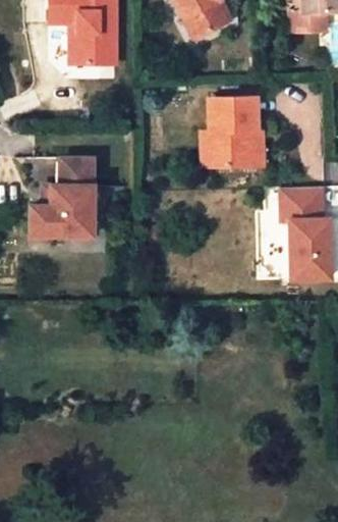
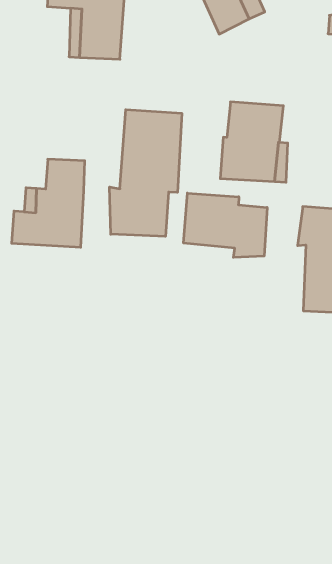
building: none -> [110,110,182,236]
building: none -> [184,193,267,257]

